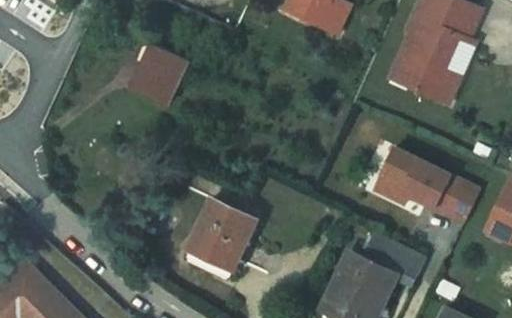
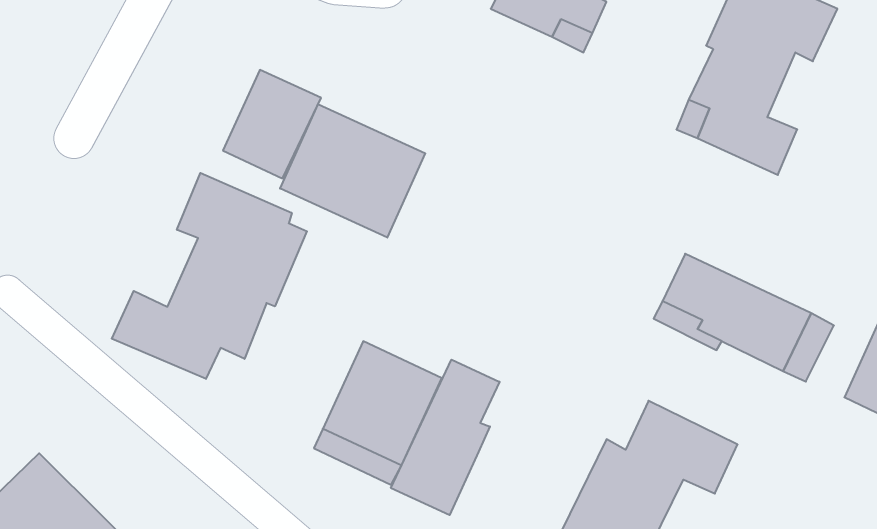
building: none -> [280,104,425,238]
building: none -> [112,173,307,379]
building: none -> [391,360,500,515]

